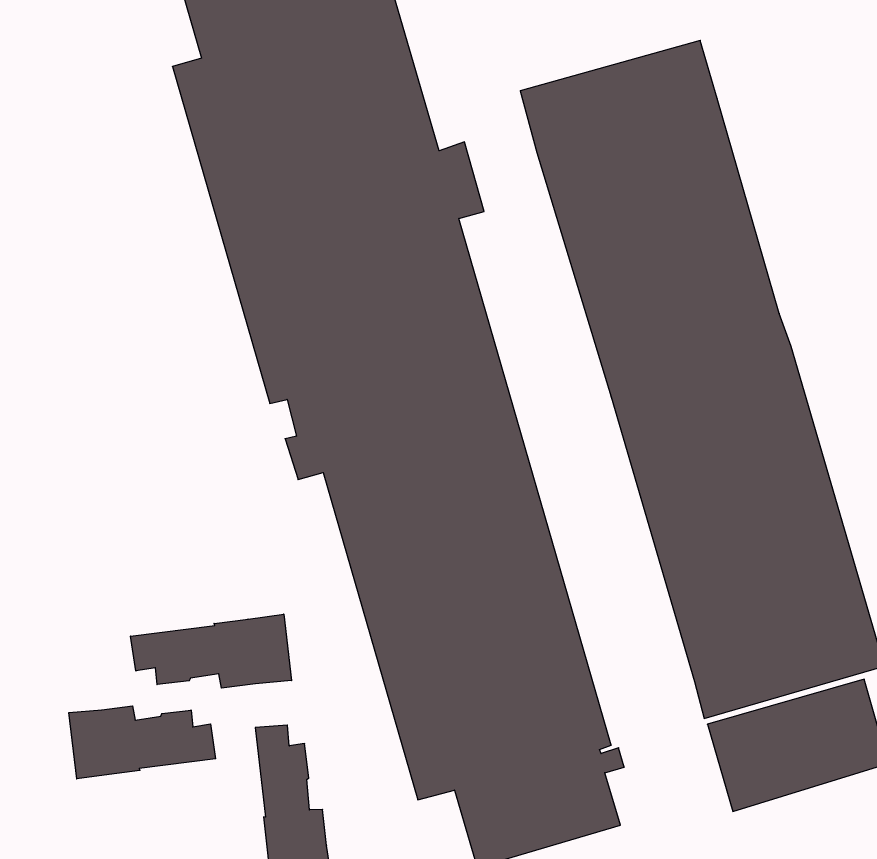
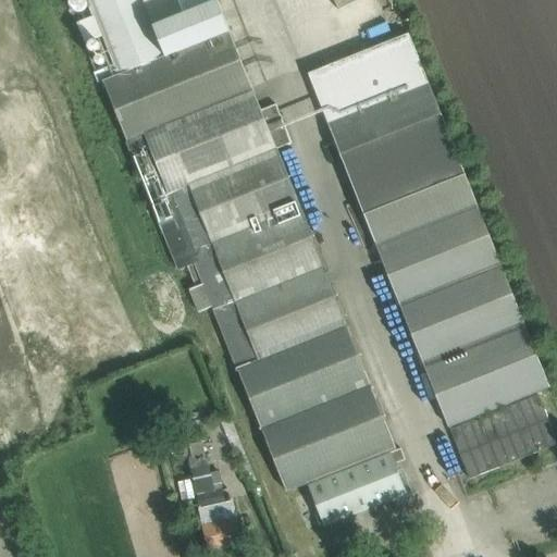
building: [131,614,292,688] -> none
building: [69,706,216,779] -> none

